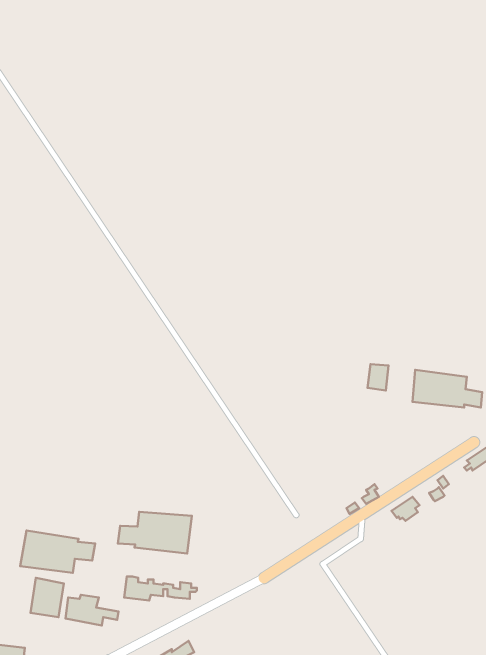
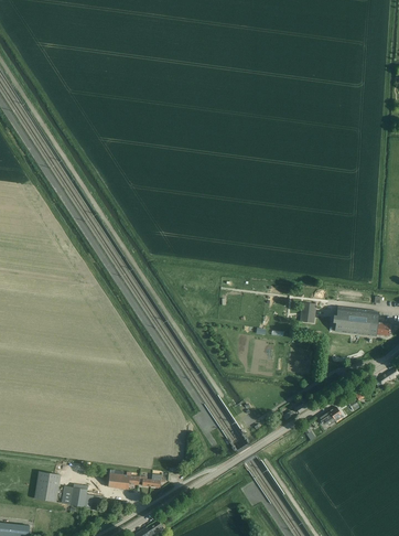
building: [118,512,192,553] -> none
building: [20,531,95,573] -> none

